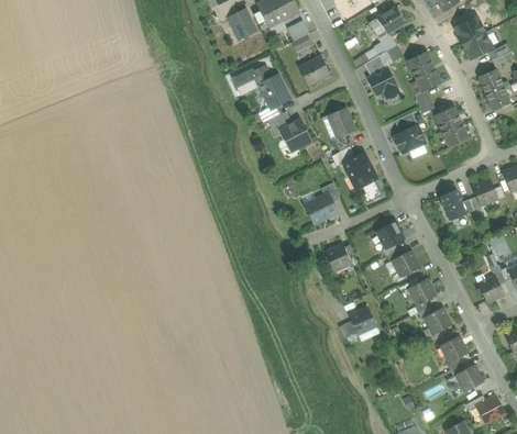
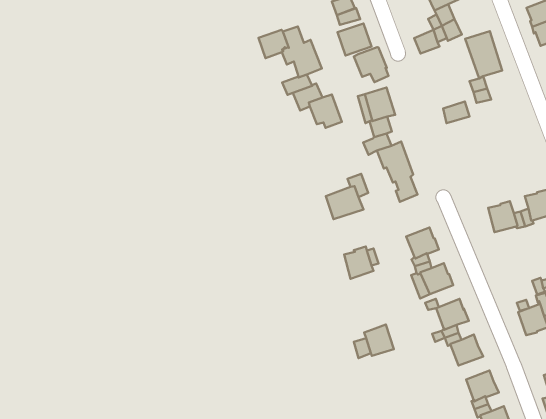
building: [367,68,398,98] -> [354,47,388,82]
building: [434,105,469,146] -> none
building: [395,124,426,153] -> none

